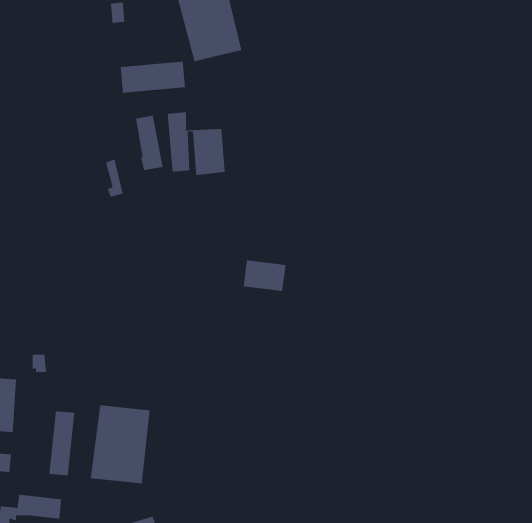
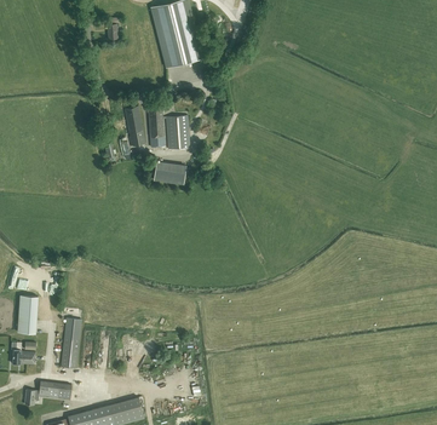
building: [120,61,186,93] -> none
building: [243,260,286,291] -> [155,163,186,186]
building: [90,404,150,484] -> none

